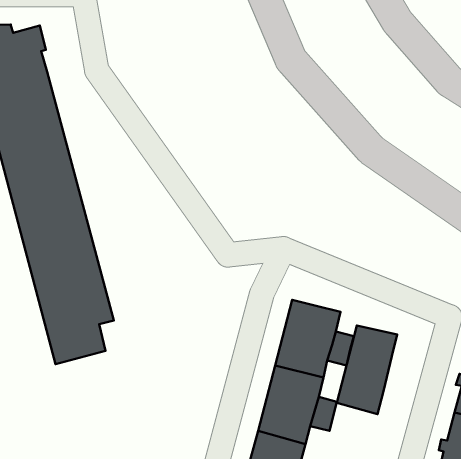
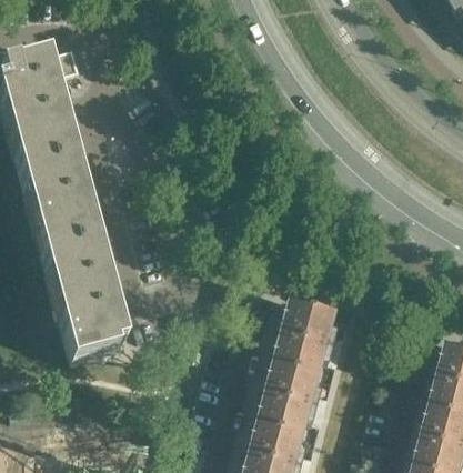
building: [337,325,397,414] -> none

